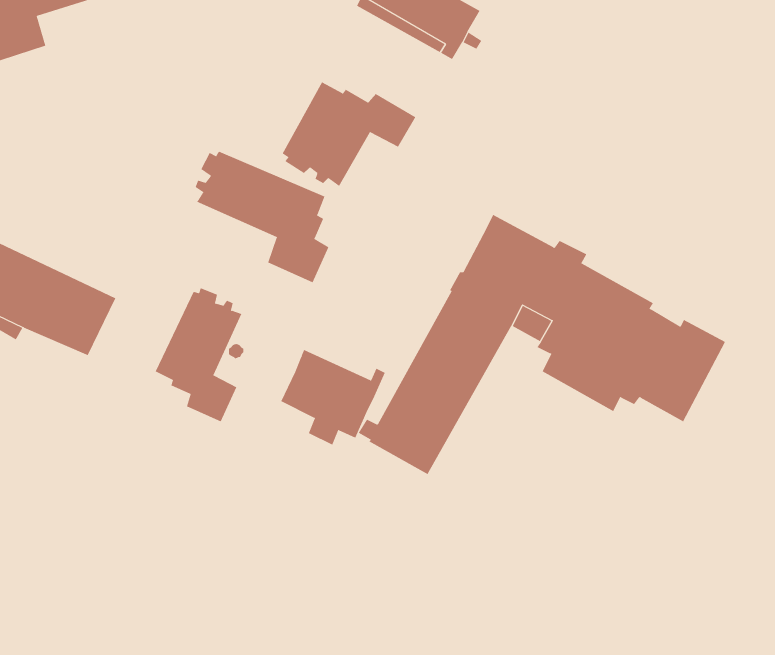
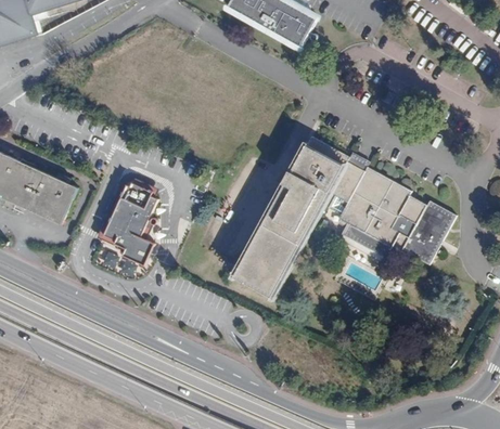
building: [282,81,416,187] -> none
building: [195,151,329,283] -> none
building: [280,349,386,446] -> none

